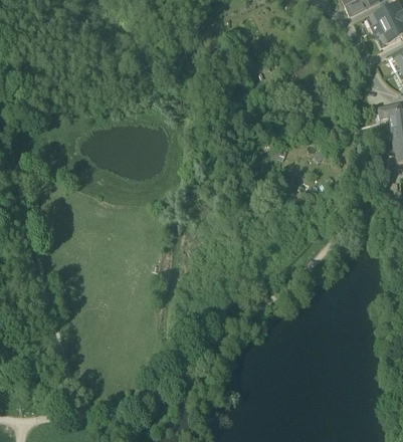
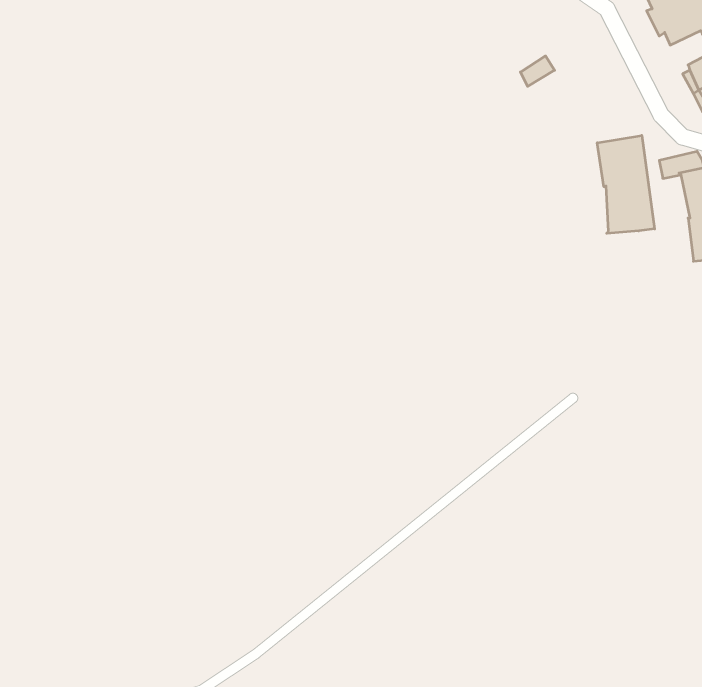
building: none -> [597,135,655,233]

